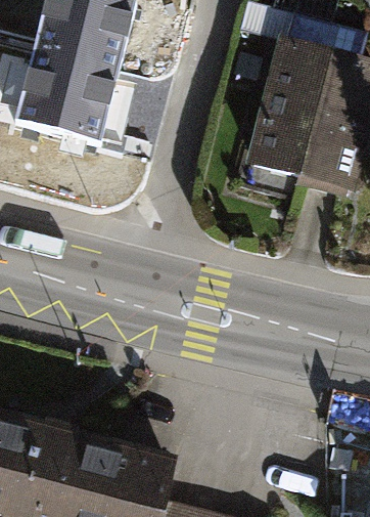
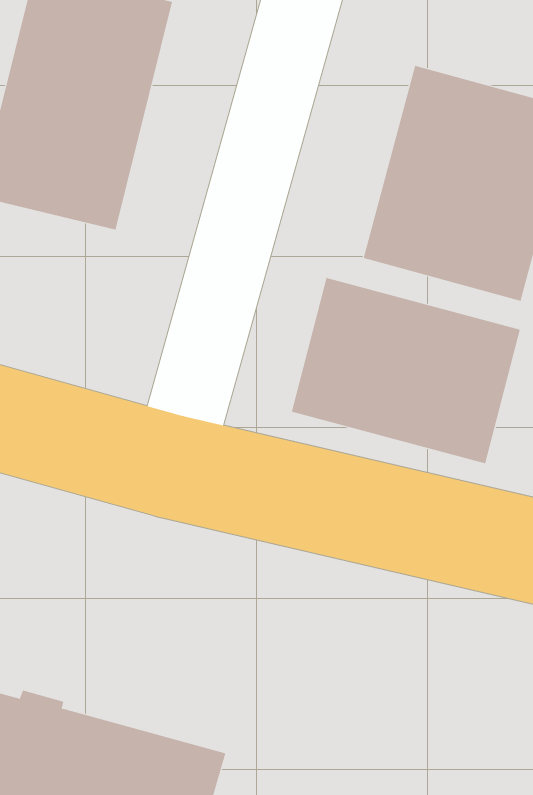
building: none -> [291,277,521,464]

